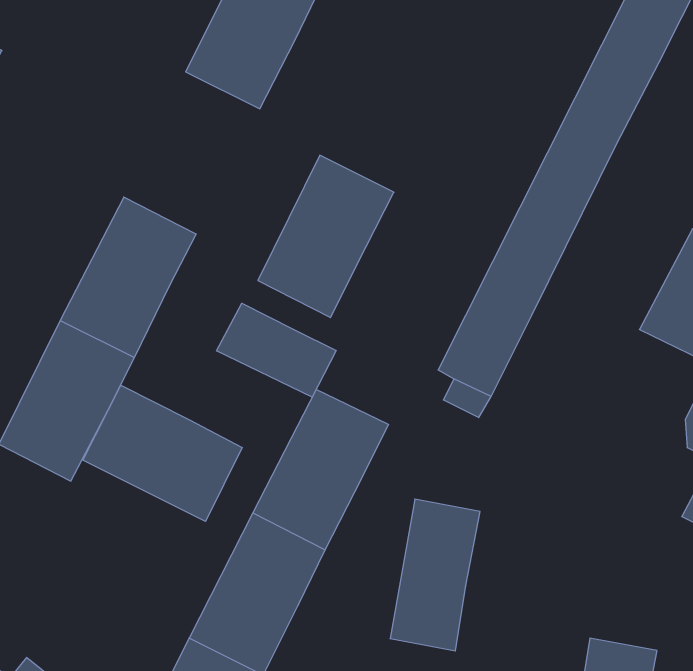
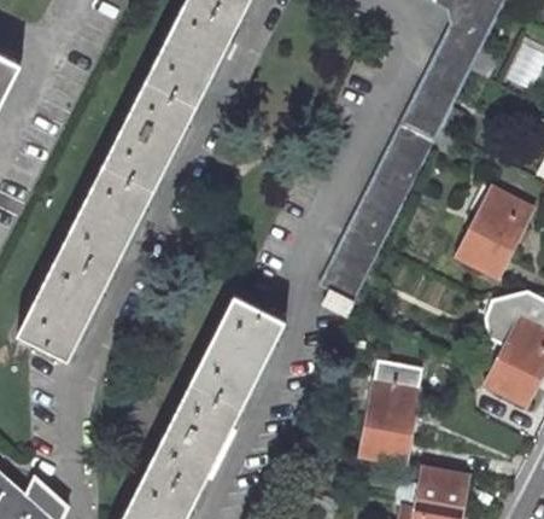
building: [258,155,394,318] -> [104,80,197,191]
building: [217,303,336,397] -> none
building: [83,385,242,521] -> none
building: [390,499,480,651] -> [361,360,422,463]

